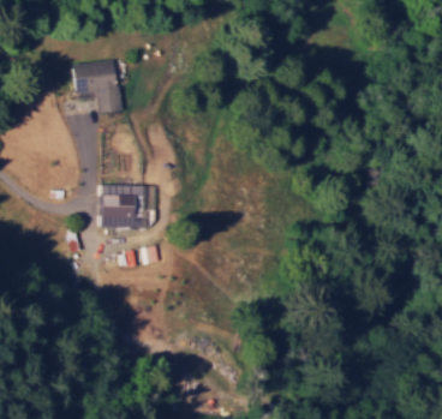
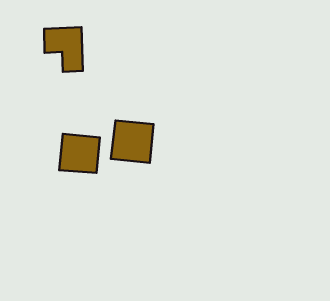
building: none -> [111,120,154,163]

